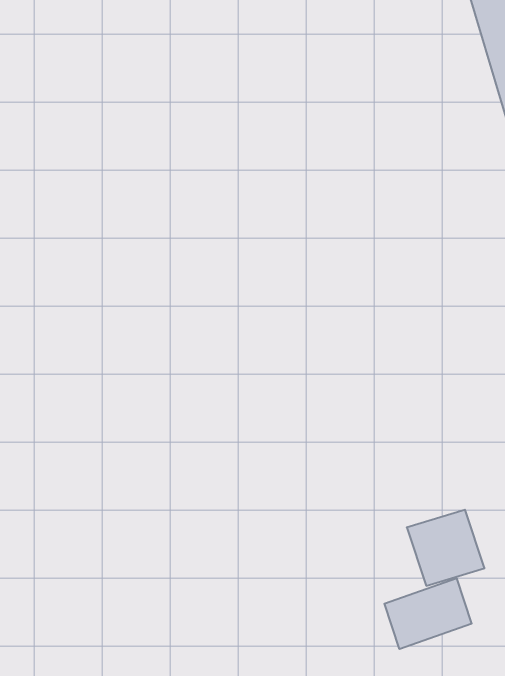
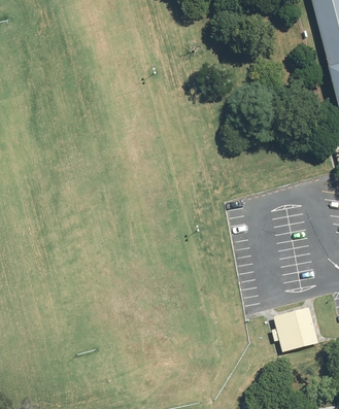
building: [384,578,472,649] -> none

